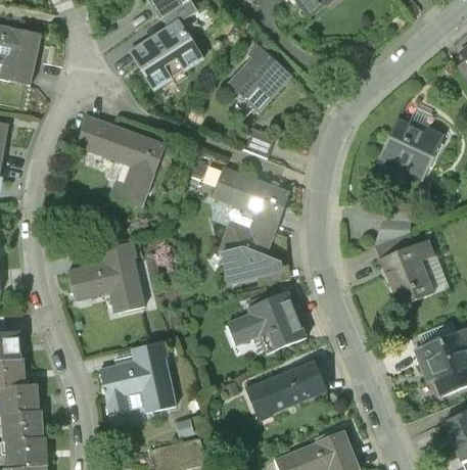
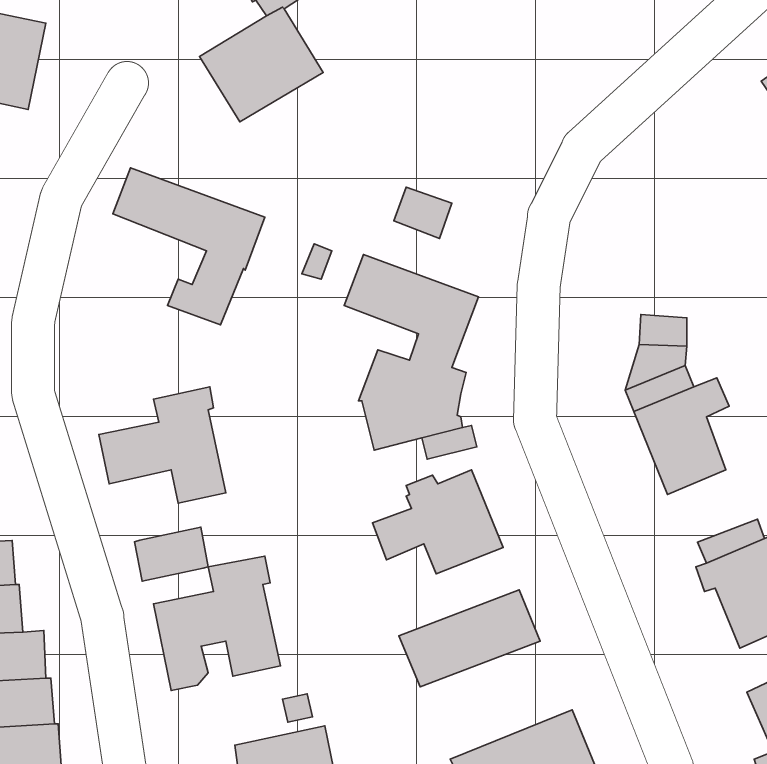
building: [228,45,290,111] -> none
building: [376,120,442,180] -> none
building: none -> [135,527,208,581]

